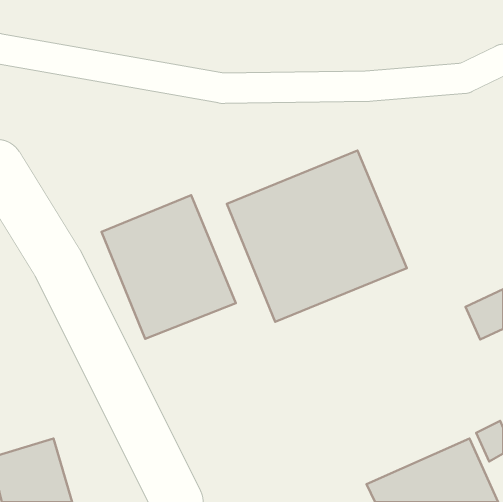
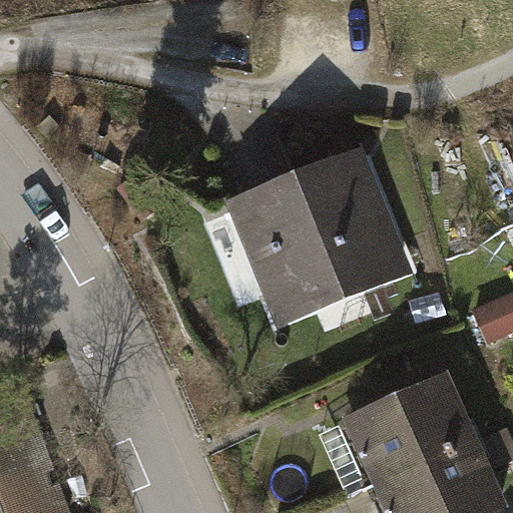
building: [101,195,236,339] -> none
building: none -> [342,375,475,490]

